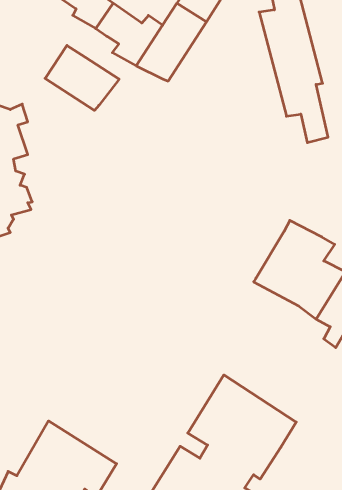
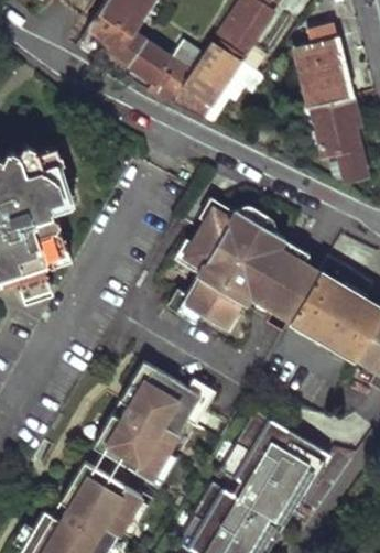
building: [45,45,119,110] -> none
building: none -> [181,209,319,333]
building: none -> [90,365,214,491]

